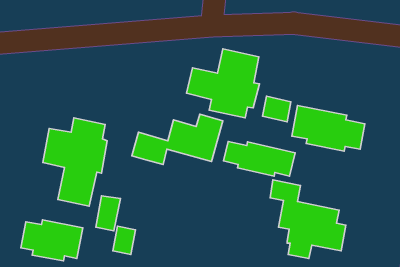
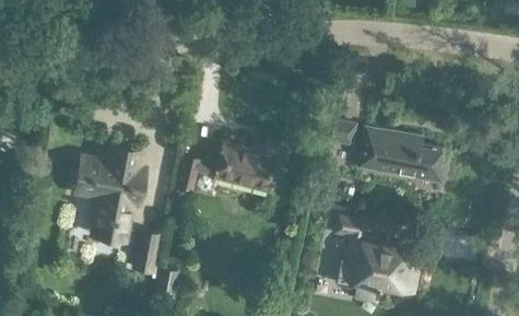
building: [187,49,259,118] -> none
building: [224,141,295,176] -> none
building: [21,220,83,261] -> none

